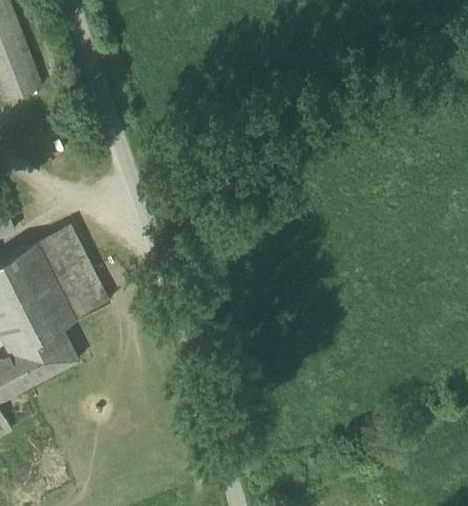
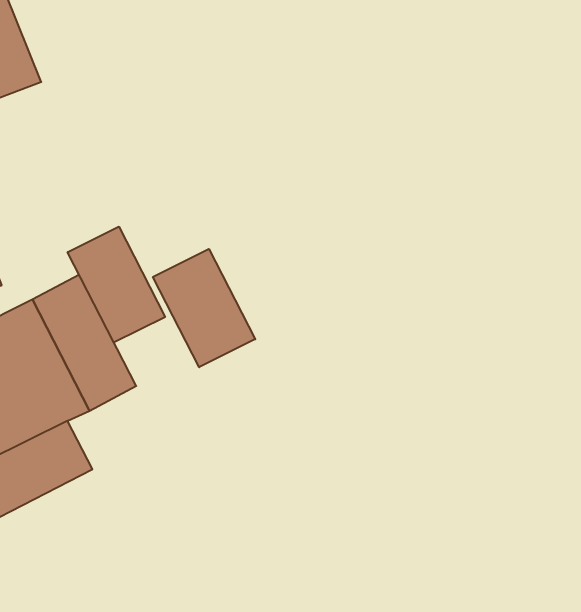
building: none -> [68,227,165,343]
building: none -> [153,249,255,367]

